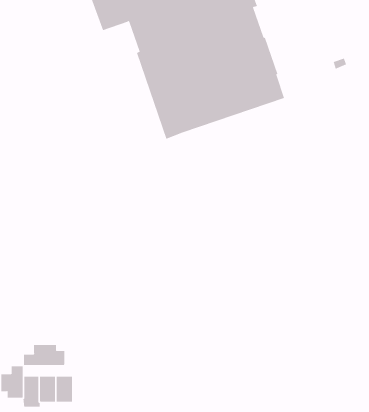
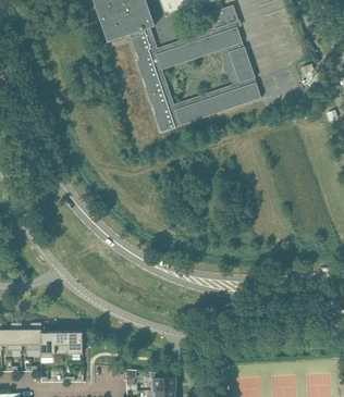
building: [24,344,65,366] -> none

